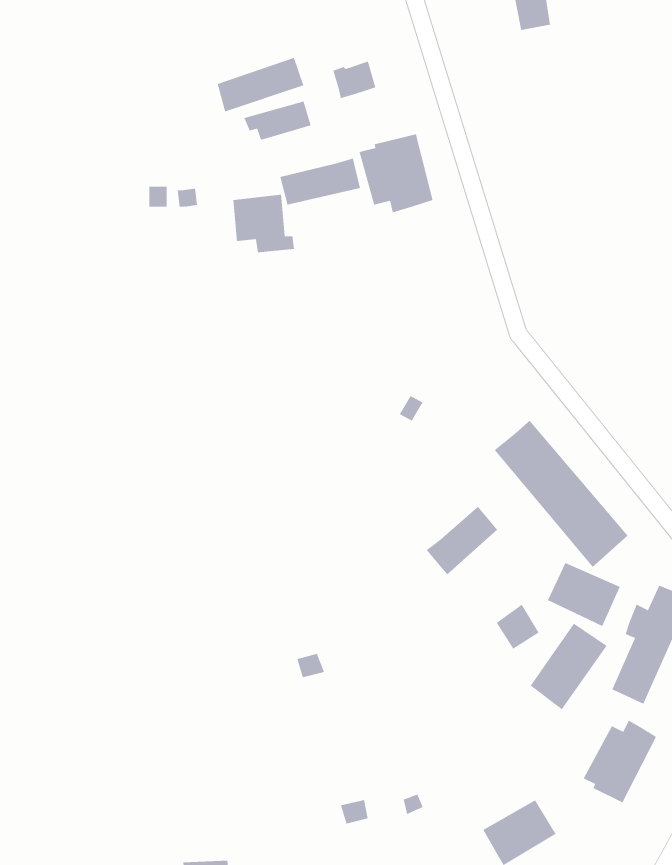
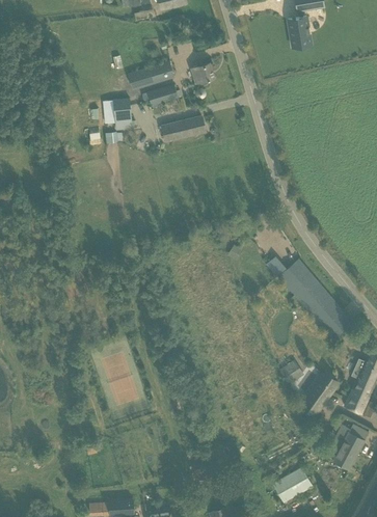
building: [359,133,433,213] -> none
building: [232,194,295,253] -> [103,98,137,130]
building: [426,506,498,575] -> none
building: [547,562,620,627] -> none

